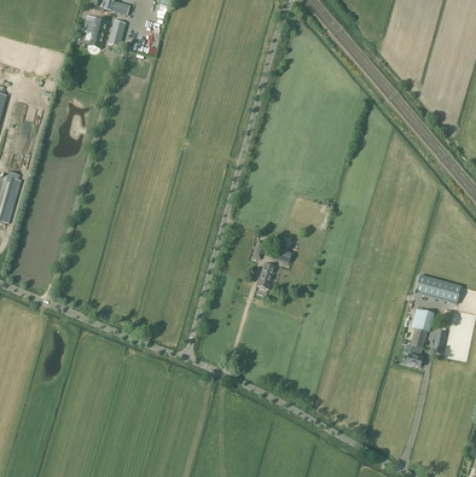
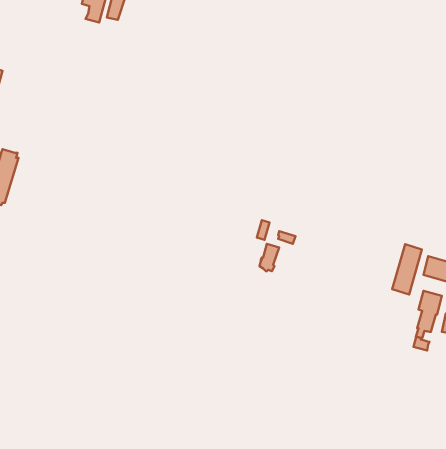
building: none -> [392,244,422,295]

